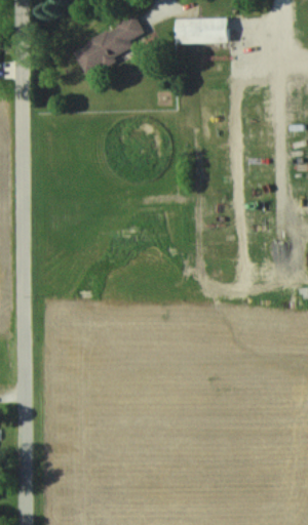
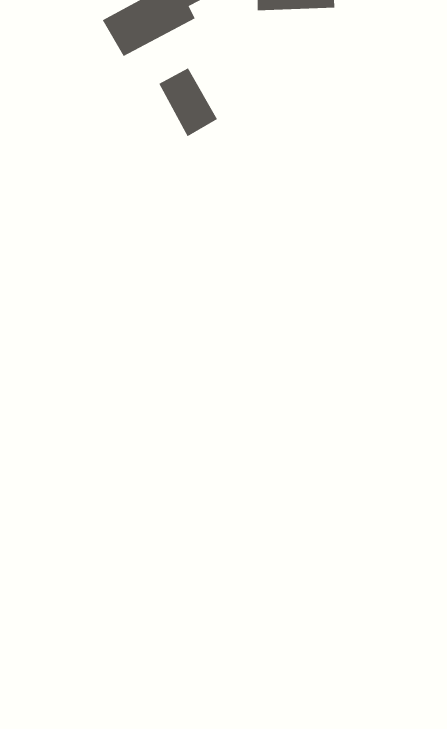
building: none -> [158,67,218,137]

